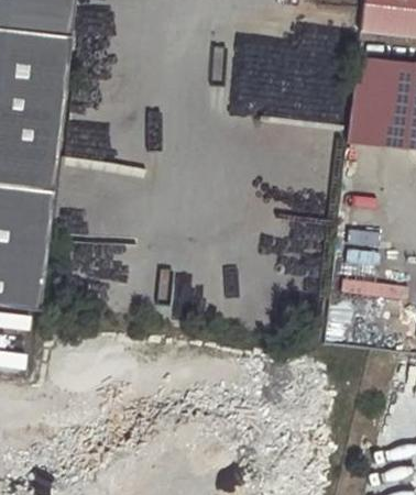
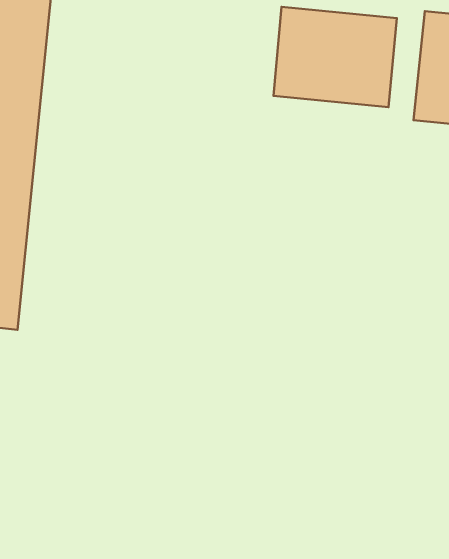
building: none -> [273,7,397,107]

